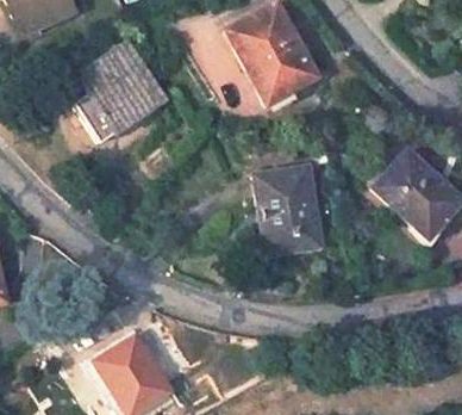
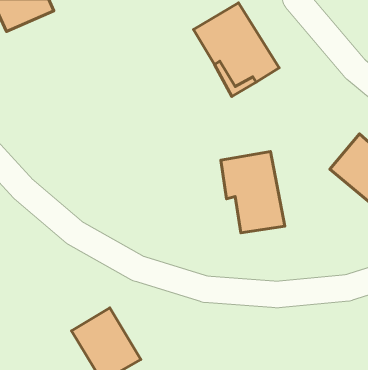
building: [63,44,166,145] -> none

